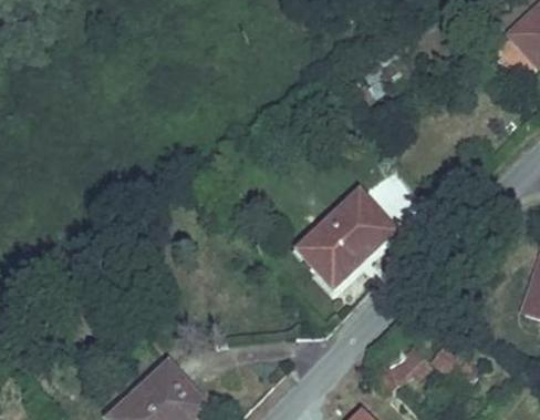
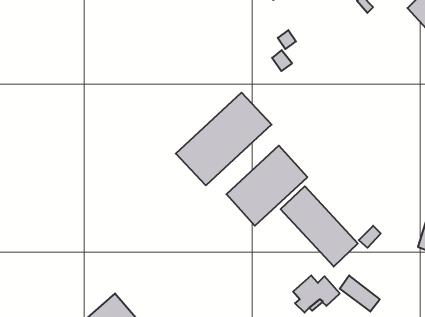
building: none -> [176,93,272,185]
building: none -> [281,186,358,267]

